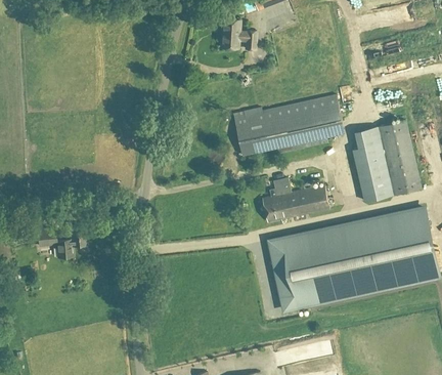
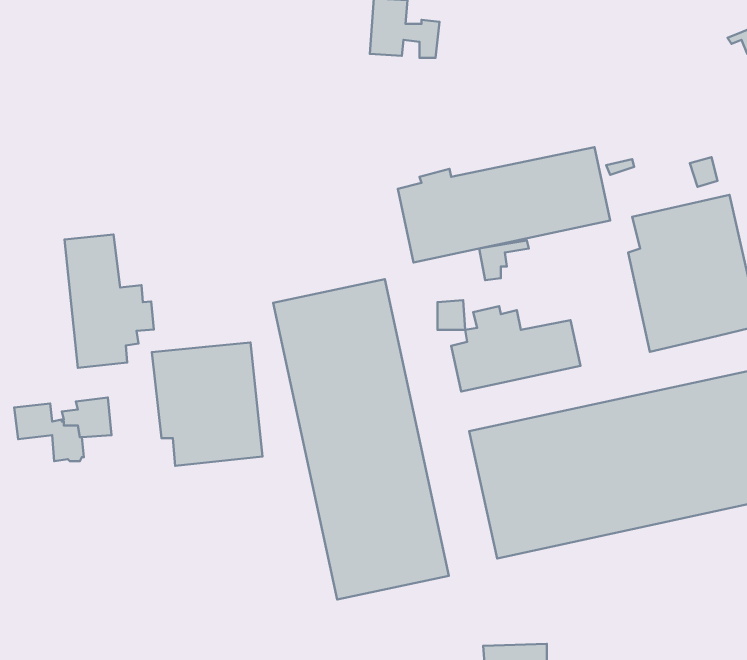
building: none -> [64,234,154,368]
building: none -> [273,279,449,600]
building: none -> [152,343,262,466]

